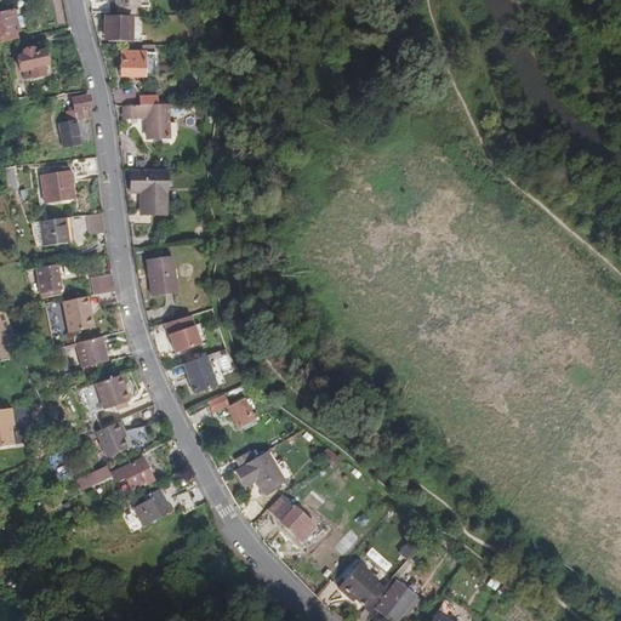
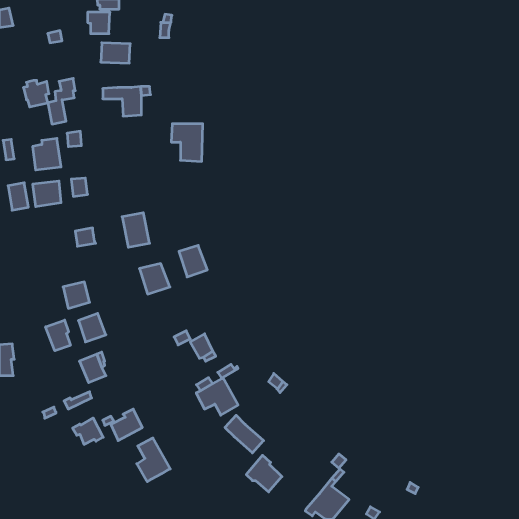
building: [17,49,47,80] -> [23,80,49,107]
building: [129,170,166,215] -> [171,124,203,161]
building: [34,263,58,296] -> [8,183,28,210]
building: [61,295,92,331] -> none
building: [184,354,218,392] -> [179,245,207,277]
building: none -> [46,320,70,351]
building: [116,457,153,489] -> [73,418,103,444]
building: none -> [137,438,170,482]
building: [338,563,381,606] -> [246,455,282,492]

